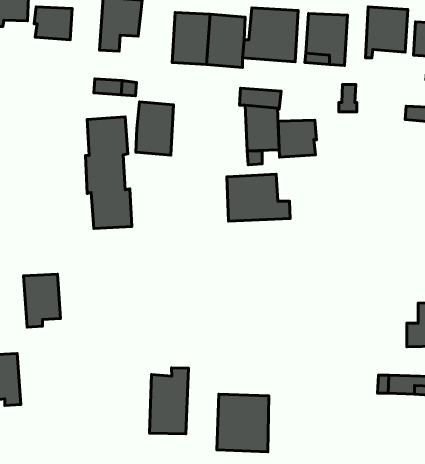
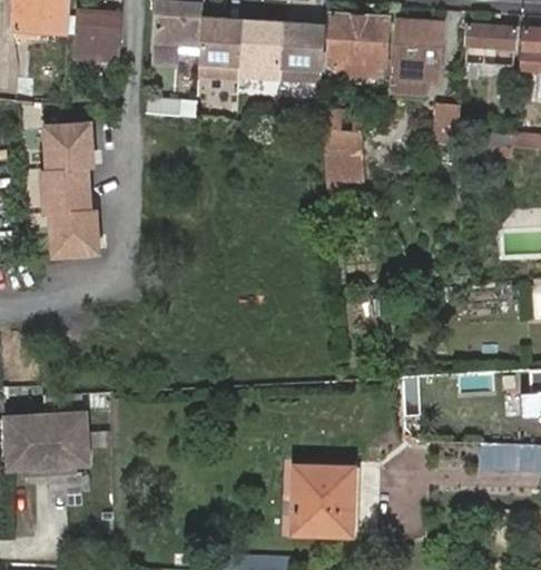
building: [136,102,174,155] -> [197,16,242,78]
building: [85,117,132,229] -> [42,122,97,254]
building: [278,120,317,157] -> none
building: [227,174,290,221] -> none
building: [24,274,60,327] -> [56,417,99,480]
building: [150,368,189,434] -> none

